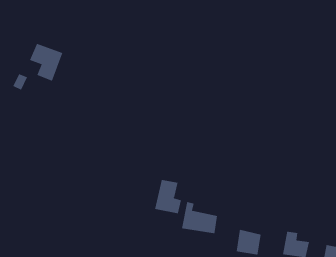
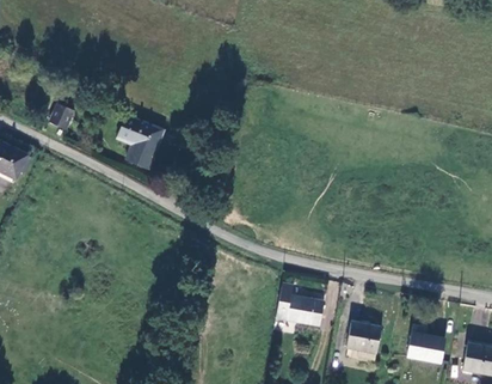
building: [29,43,63,82] -> [118,120,164,171]
building: [154,179,181,214] -> none

